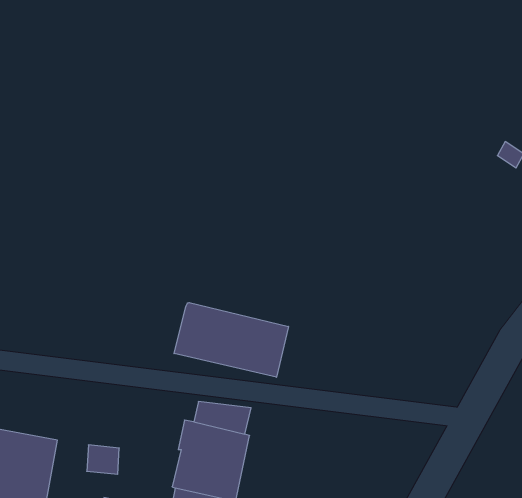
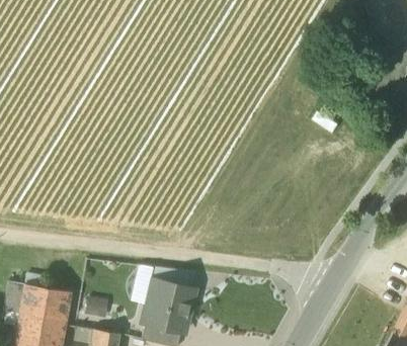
building: [174,303,288,377] -> none

